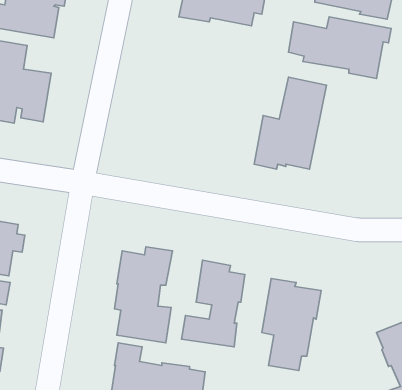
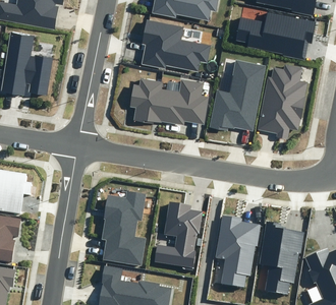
building: none -> [141,19,210,71]
building: none -> [257,64,307,139]
building: none -> [129,78,209,125]
building: none -> [258,221,304,295]

